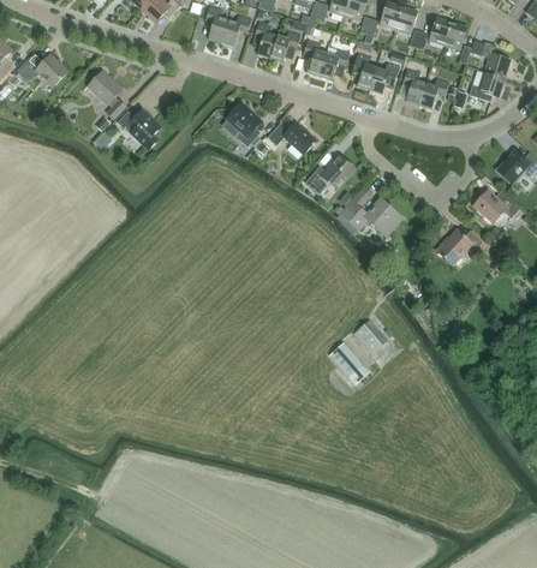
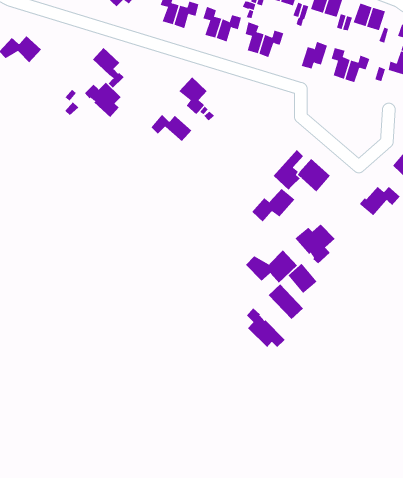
building: [350,52,375,90] -> none
building: [88,71,125,119] -> [92,47,124,89]
building: [267,121,315,154] -> [151,114,192,142]
building: [304,155,354,195] -> [252,188,295,222]
building: none -> [295,223,335,264]
building: none -> [245,250,298,283]
building: none -> [246,308,285,348]

